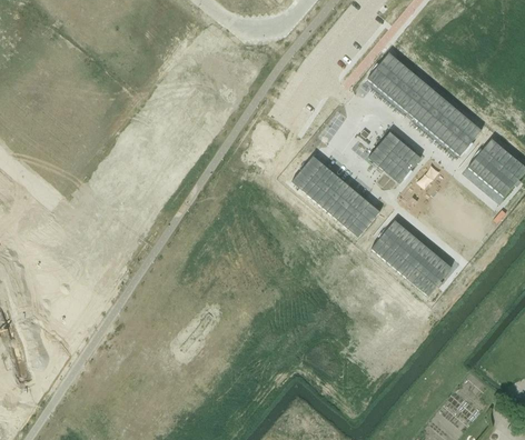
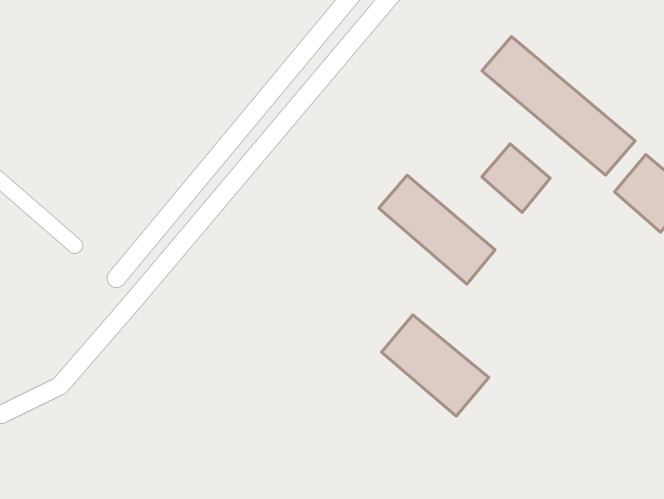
building: [372,220,452,296] -> [382,315,489,416]

